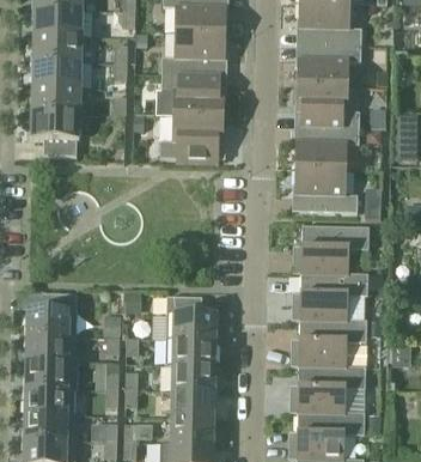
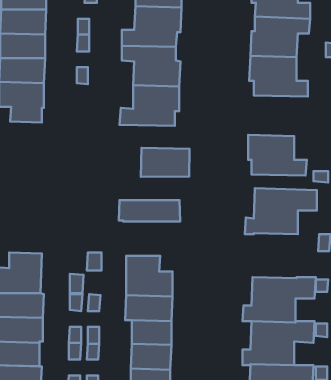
building: [295,126,359,169] -> none
building: none -> [141,148,190,177]
building: none -> [119,200,180,221]
building: [291,272,367,320] -> none

